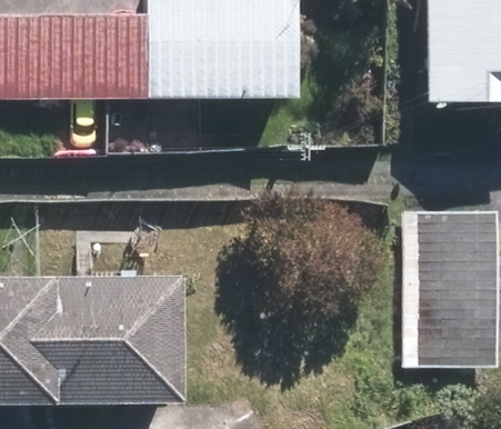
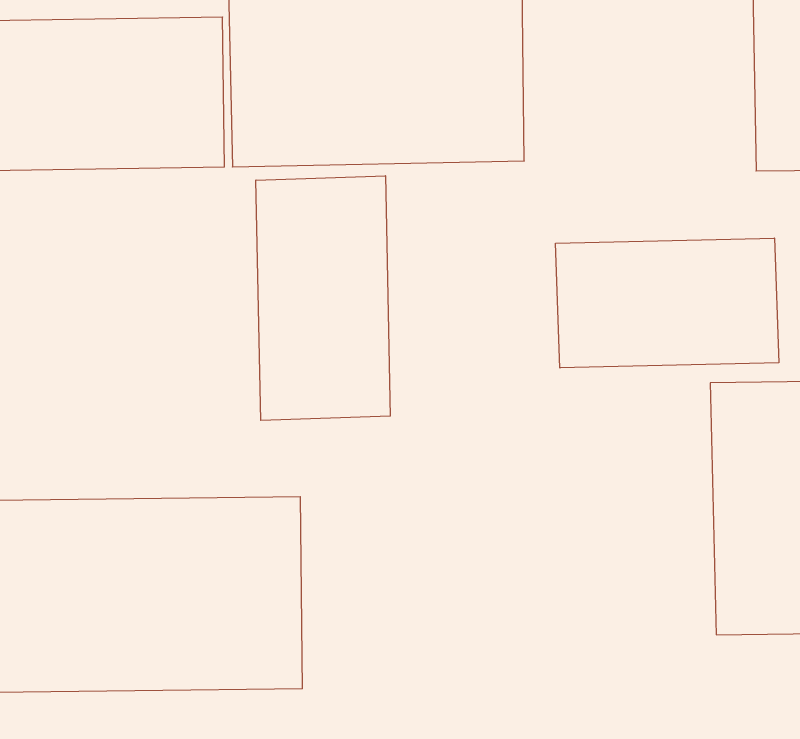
building: none -> [256,176,390,420]
building: none -> [556,238,779,368]

